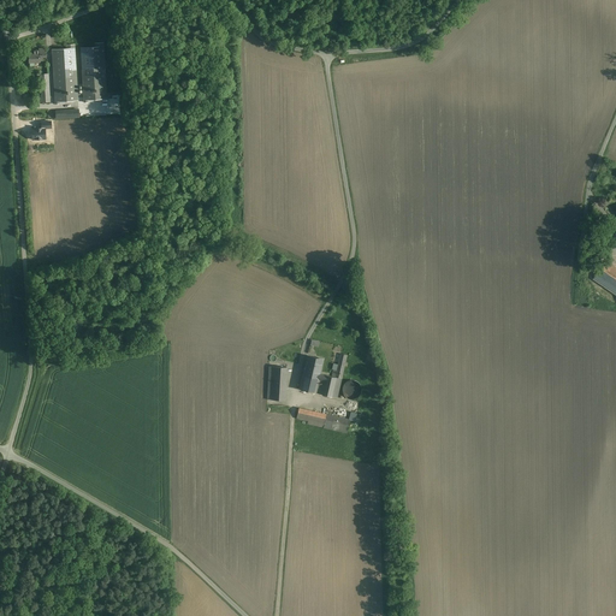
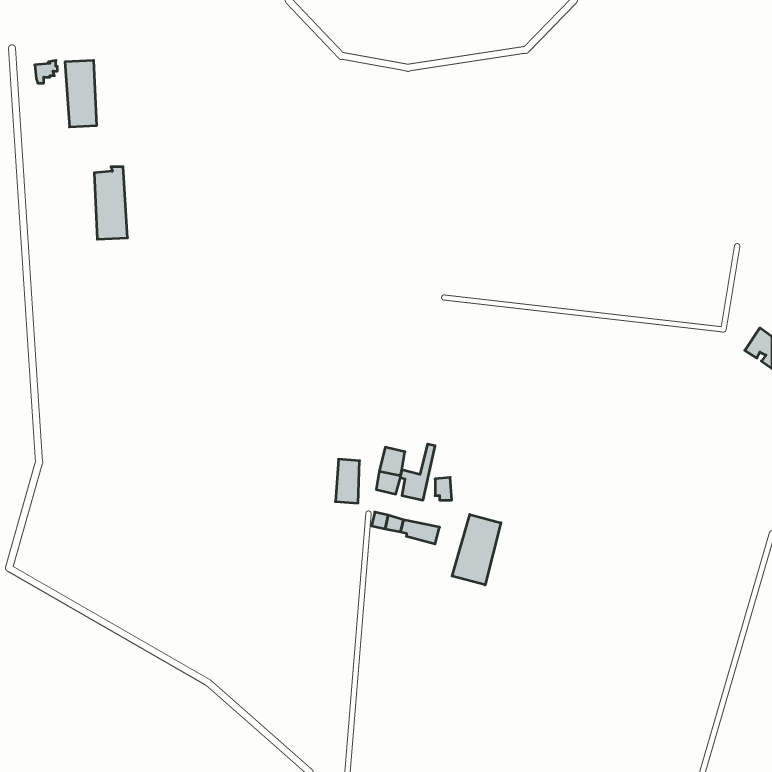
building: [81,42,107,100] -> [94,167,128,239]
building: none -> [452,514,501,585]

